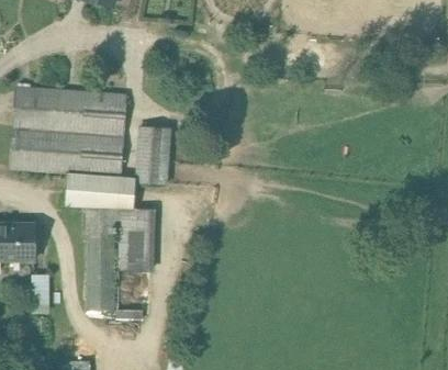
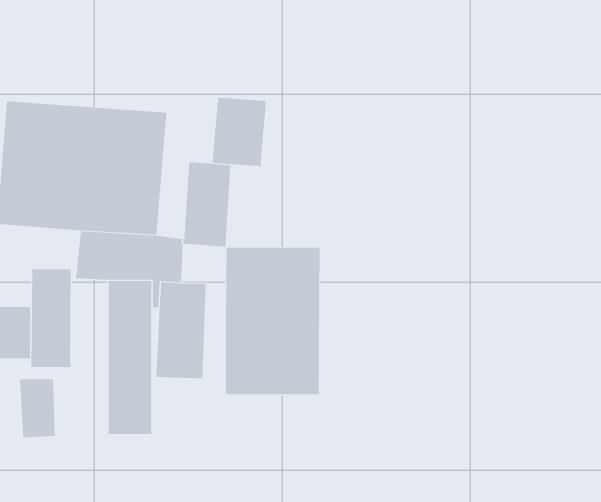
building: none -> [212,97,267,167]
building: none -> [225,247,320,395]
building: none -> [31,269,72,368]

